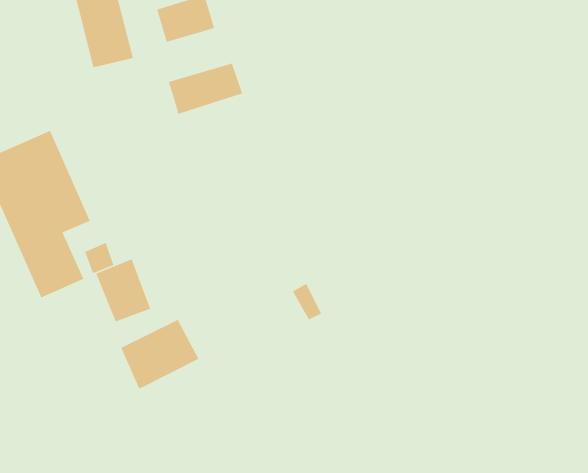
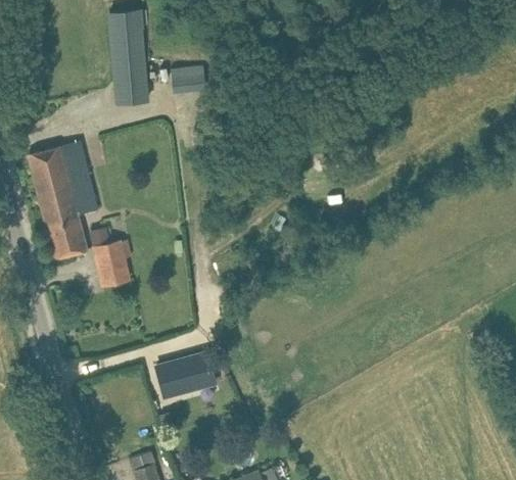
building: [168,63,243,115] -> none
building: [120,319,200,390] -> [160,352,215,397]

